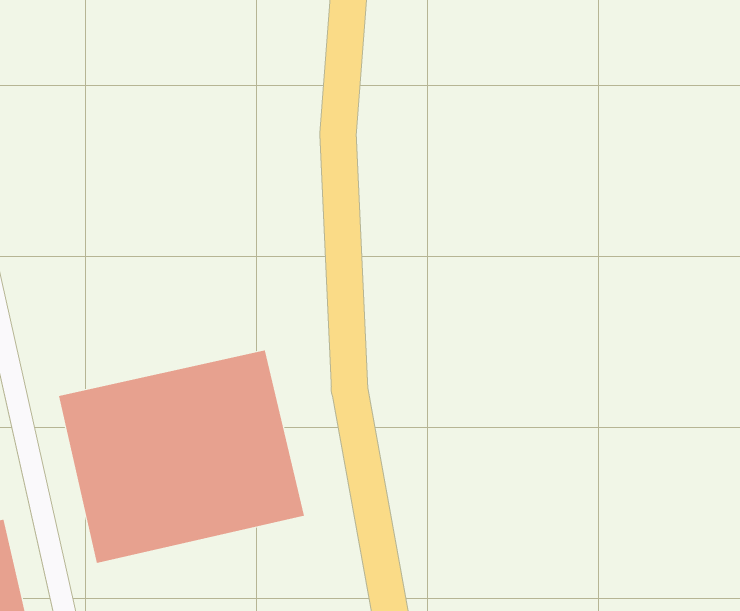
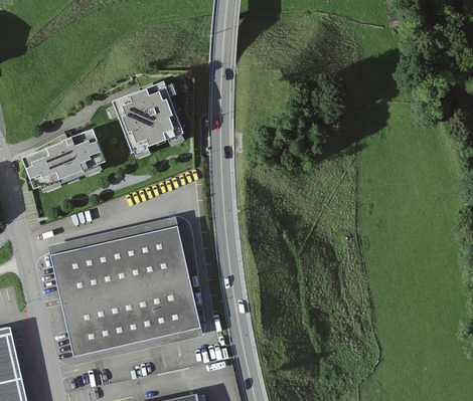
building: none -> [109,80,183,156]
building: none -> [20,128,105,188]

